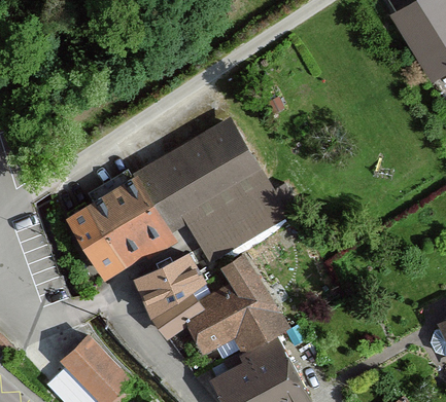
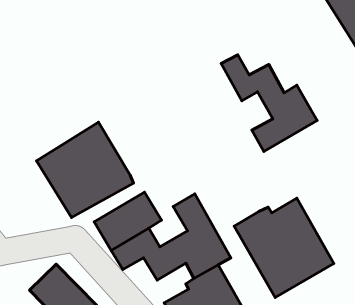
building: none -> [221,55,317,151]
building: [136,121,283,263] -> none
building: none -> [234,198,334,297]

